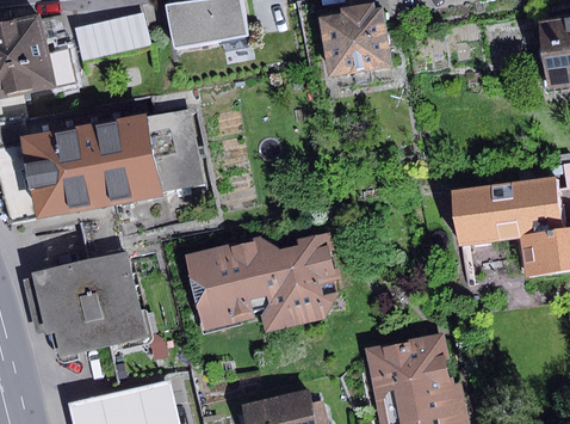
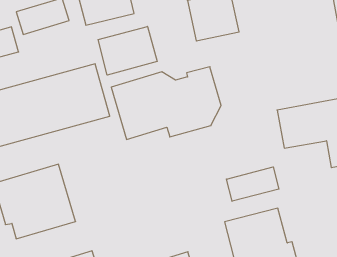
building: none -> [98,26,157,75]
building: [184,232,342,331] -> [111,67,221,139]
building: none -> [226,167,279,201]

